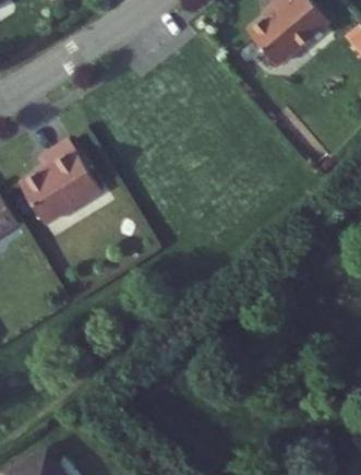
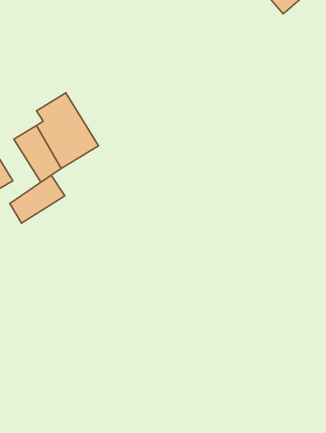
building: none -> [10,175,65,223]

